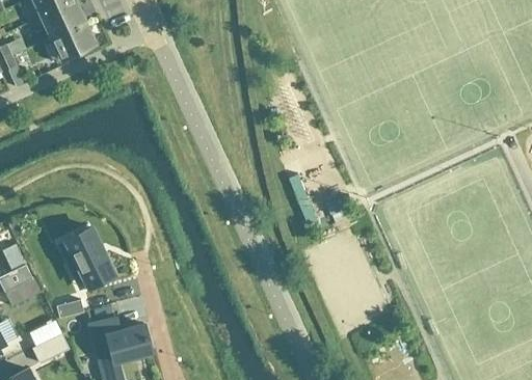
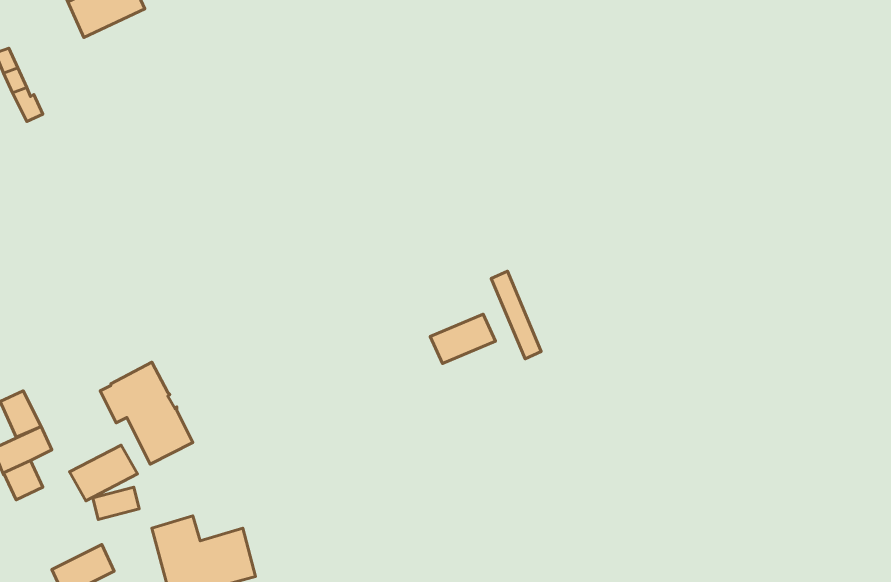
building: [51,22,97,59] -> none
building: none -> [430,314,496,364]
building: none -> [70,445,137,501]

